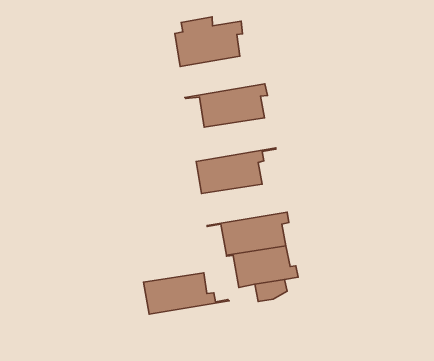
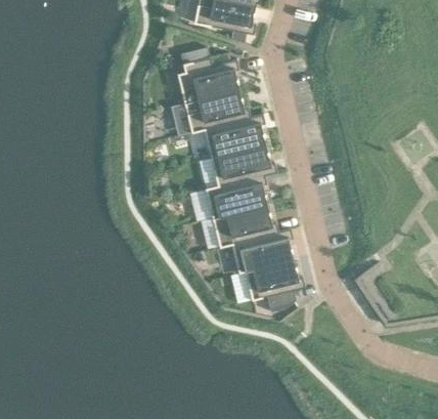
building: none -> [182,90,260,131]
building: none -> [203,144,274,188]
building: [144,273,229,314] -> [210,205,289,246]

